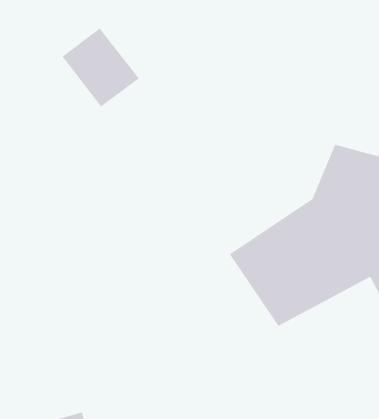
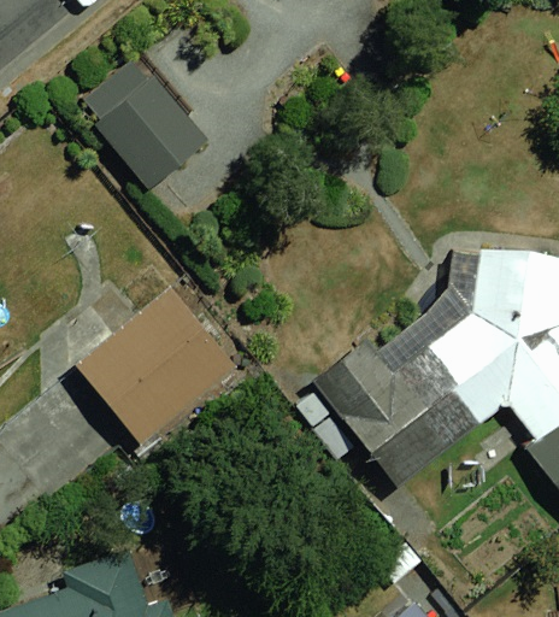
building: none -> [82,287,241,442]

